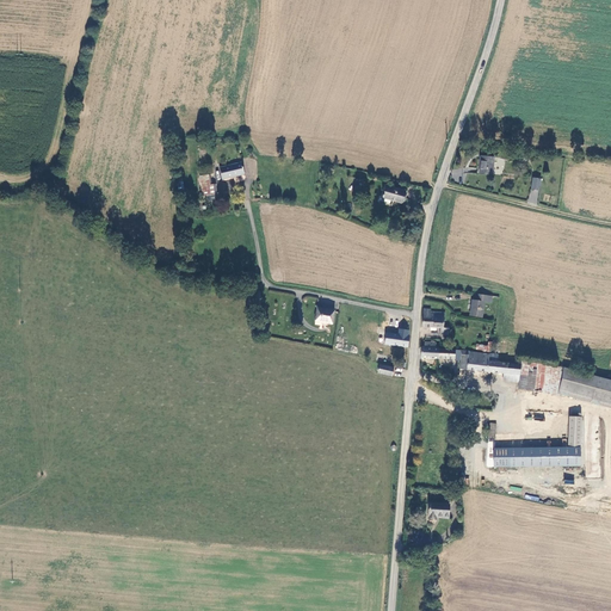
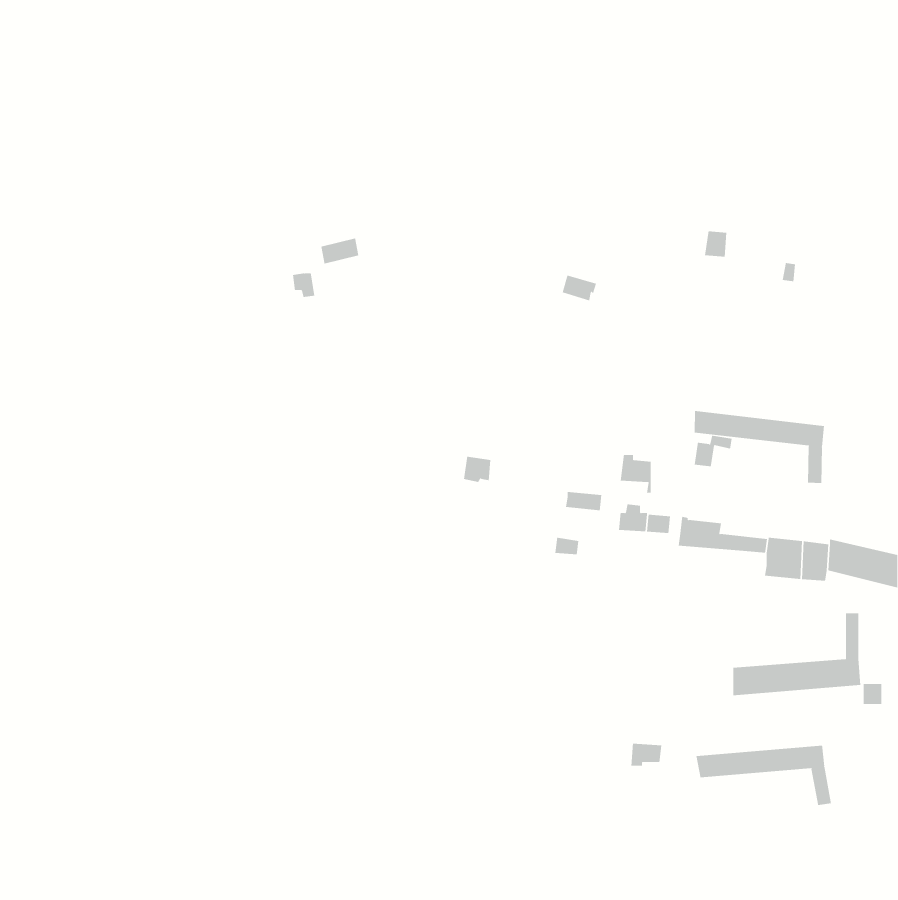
building: none -> [694,410,825,484]
building: none -> [696,745,831,806]

